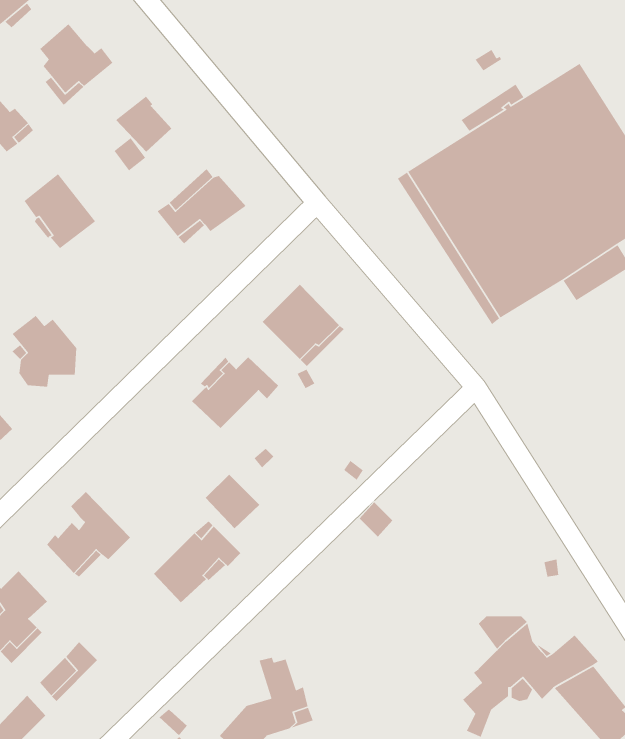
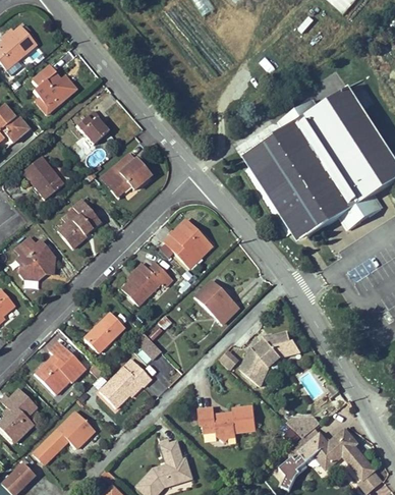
building: none -> [57,199,100,248]
building: none -> [195,278,242,324]
building: none -> [83,313,124,352]
building: none -> [240,328,302,386]
building: none -> [197,404,256,441]
building: none -> [55,411,93,449]

